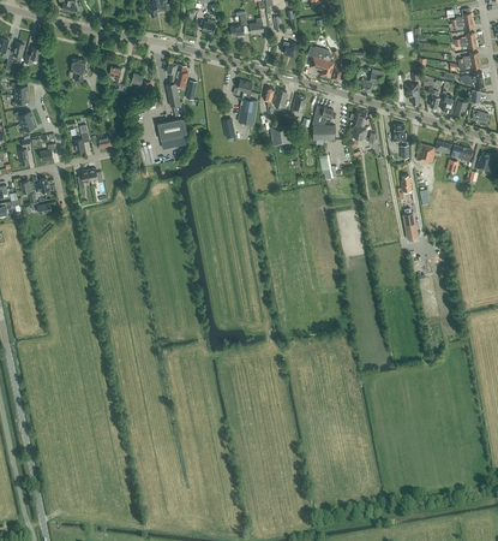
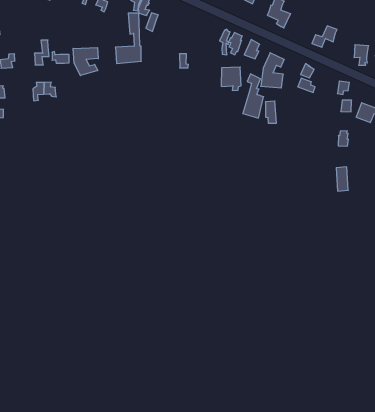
building: [238,79,257,124] -> [243,74,264,118]
building: none -> [73,48,98,76]

